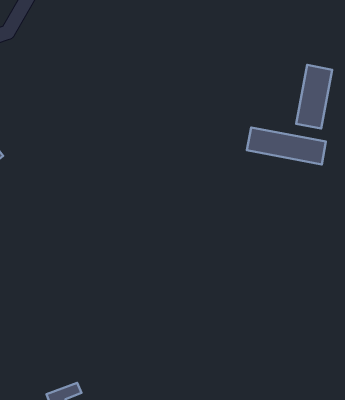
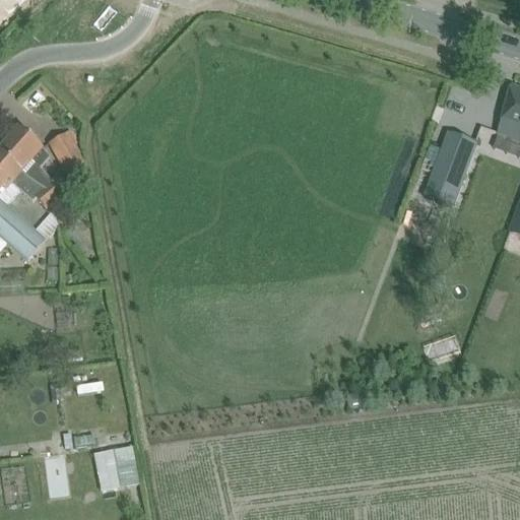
building: [247,127,326,164] -> none

